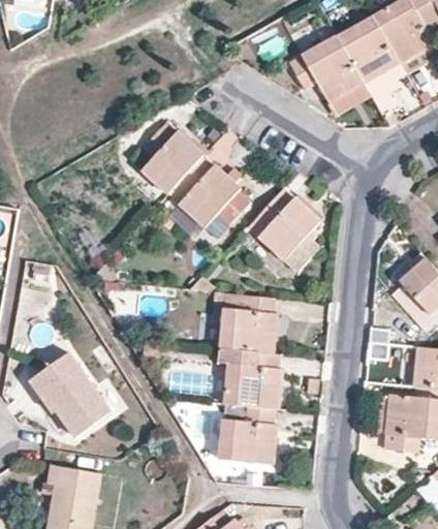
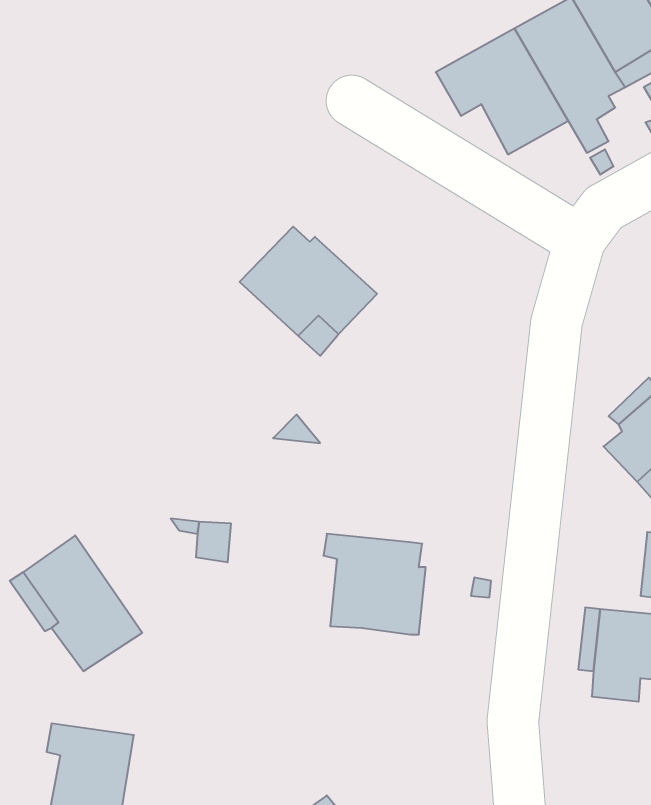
building: [142,123,204,193] -> none
building: [236,189,319,271] -> none
building: [218,292,277,352] -> none
building: [218,405,276,463] -> none

